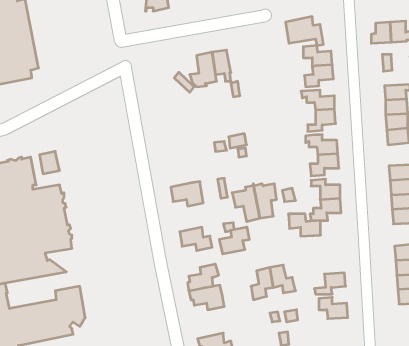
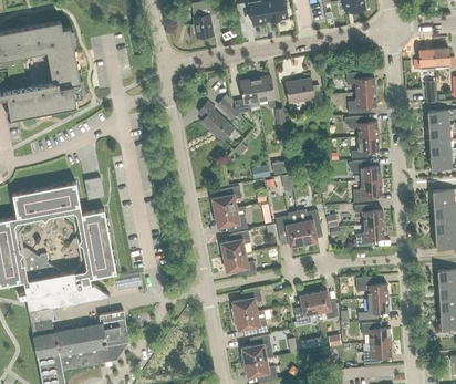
building: [286,17,323,46] -> [284,77,322,106]
building: none -> [198,102,235,142]
building: none -> [211,187,241,214]
building: [288,214,321,236] -> [355,278,387,300]
building: [219,227,249,254] -> [220,231,250,258]
building: none -> [240,335,272,364]
building: none -> [363,343,392,364]

